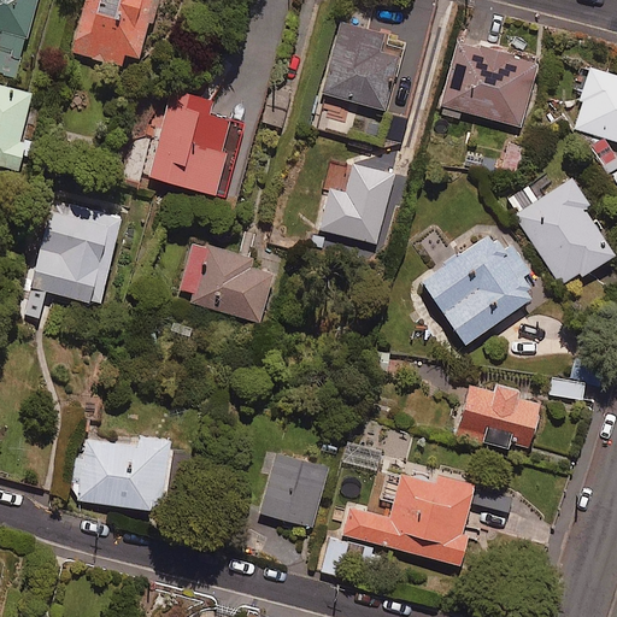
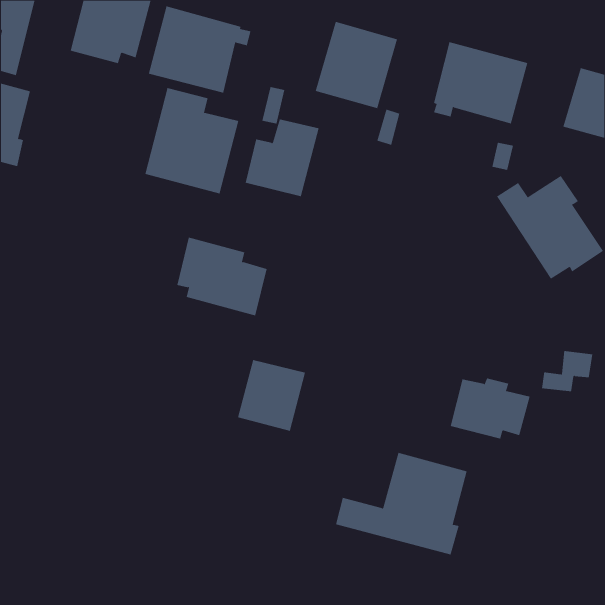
building: none -> [148,6,251,94]
building: [318,164,394,243] -> [245,119,319,197]
building: [30,200,121,306] -> none
building: [421,233,533,345] -> none
building: [78,436,169,511] -> none
building: [258,454,328,528] -> [237,359,306,432]

